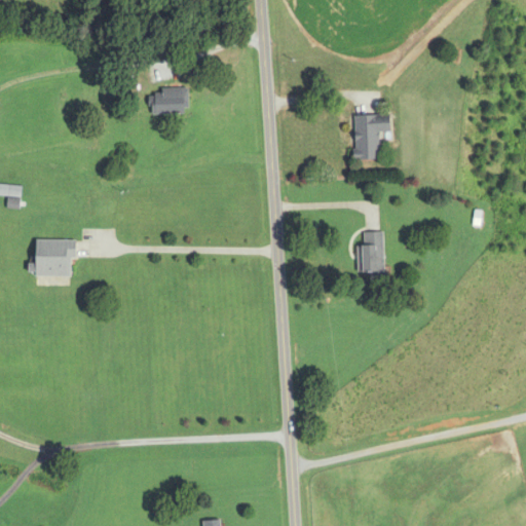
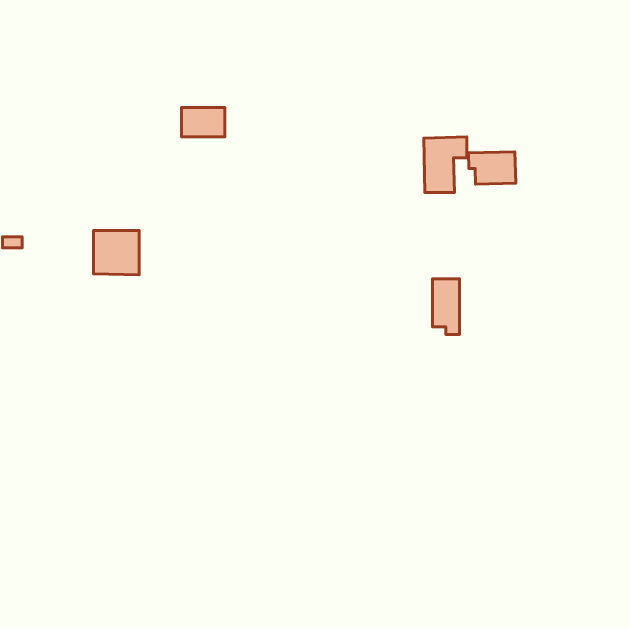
building: none -> [469,152,516,184]
building: [35,239,73,276] -> [93,231,139,275]

